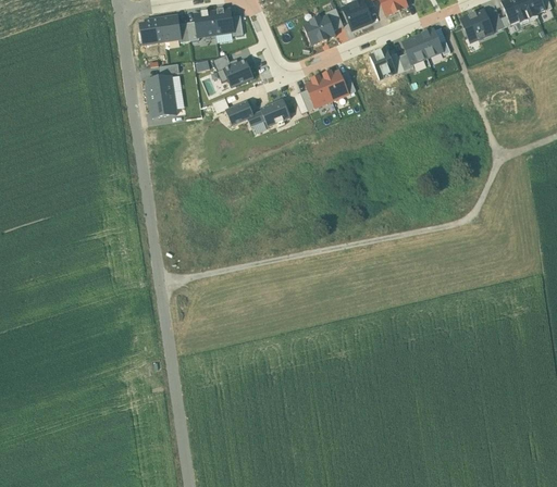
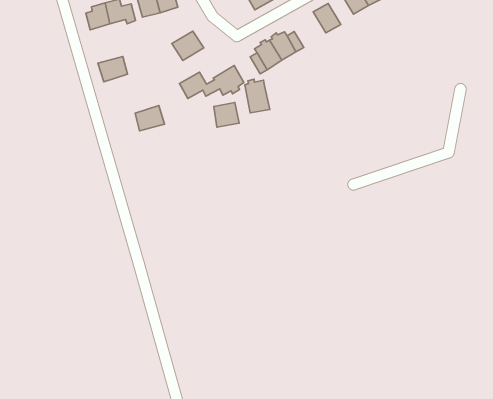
building: [150,92,178,115] -> [135,106,165,131]
building: none -> [245,79,270,113]
building: none -> [214,103,239,127]

